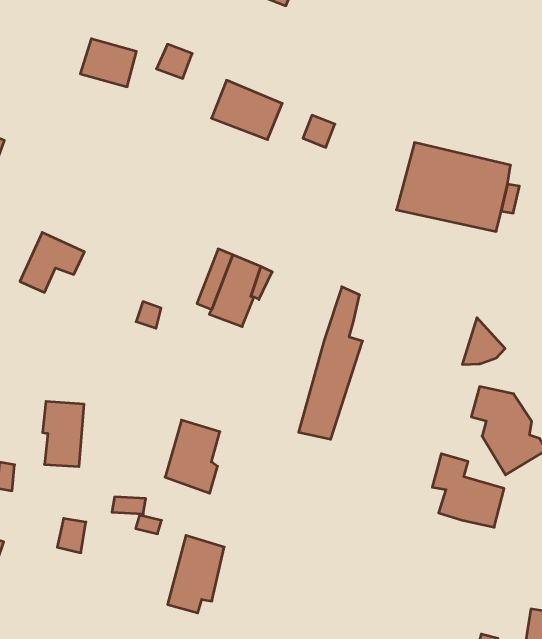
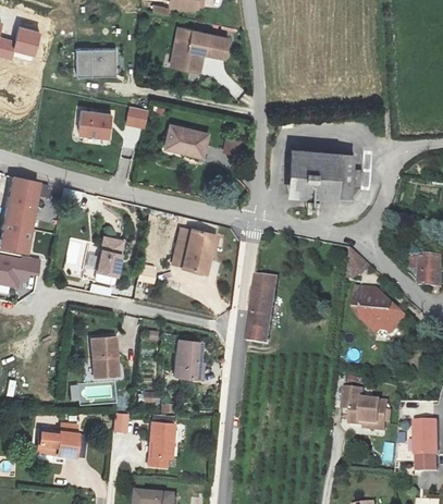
building: none -> [95,238,122,275]
building: [432,454,504,527] -> [343,386,387,427]
building: [168,535,224,613] -> [146,422,175,469]

